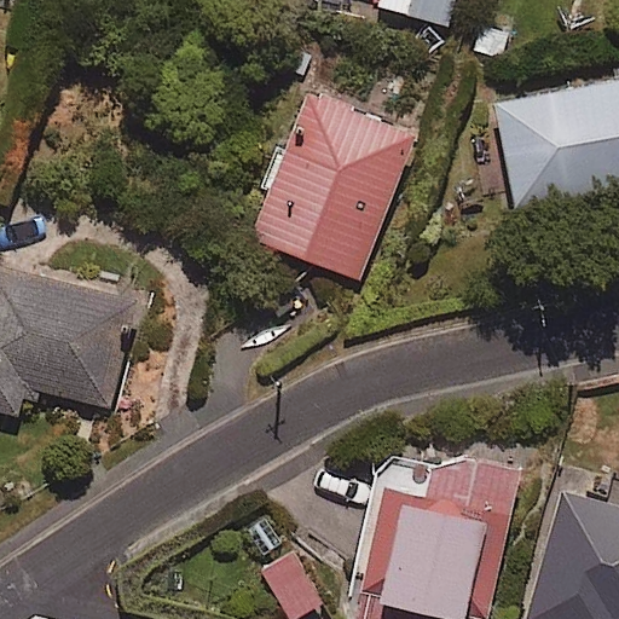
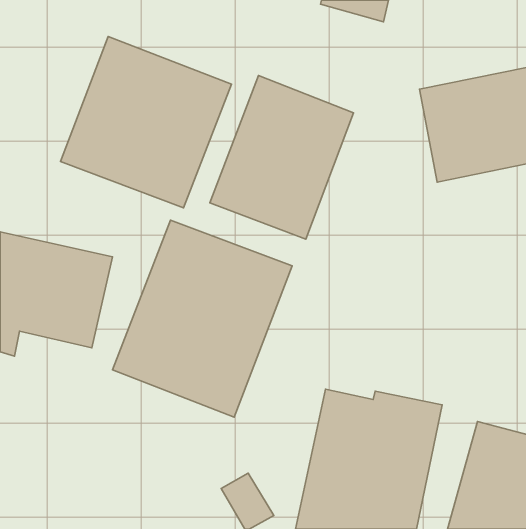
building: none -> [60,36,231,208]
building: none -> [112,220,292,417]

